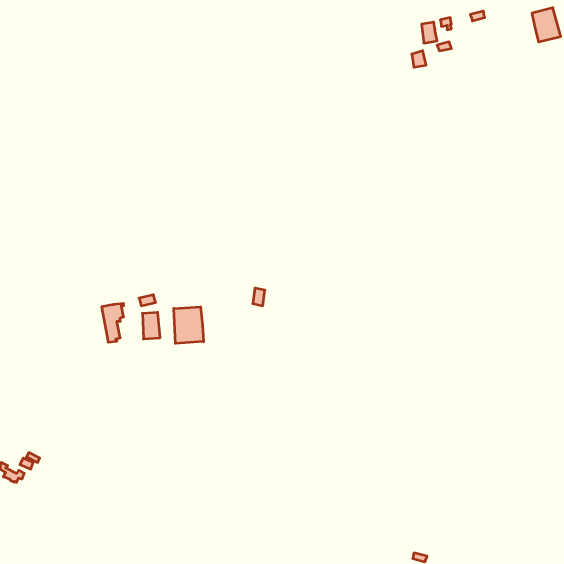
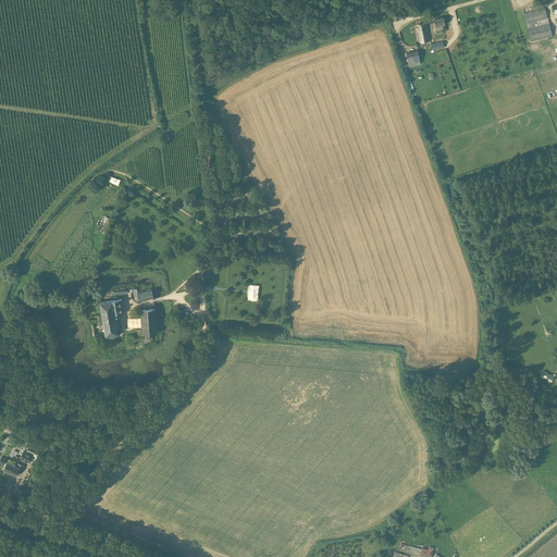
building: [174,307,204,343] -> none

